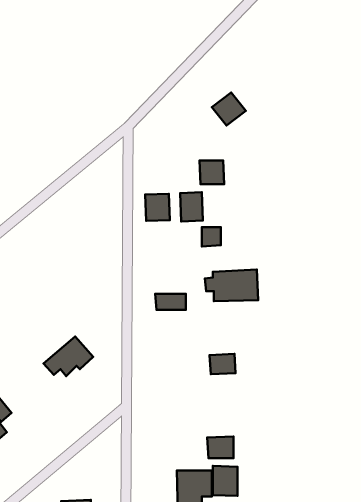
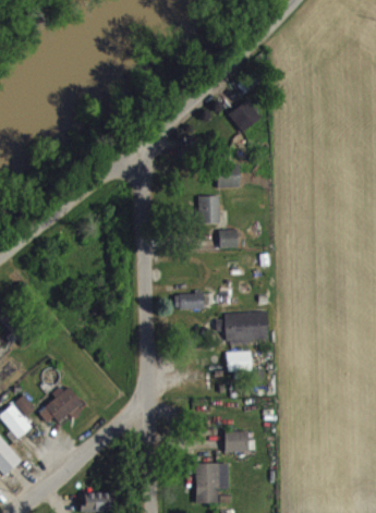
building: [145,194,170,221] -> none
building: [205,270,258,301] -> [217,312,268,342]
building: [44,336,93,376] -> [38,386,86,424]
building: [213,466,237,496] -> none

